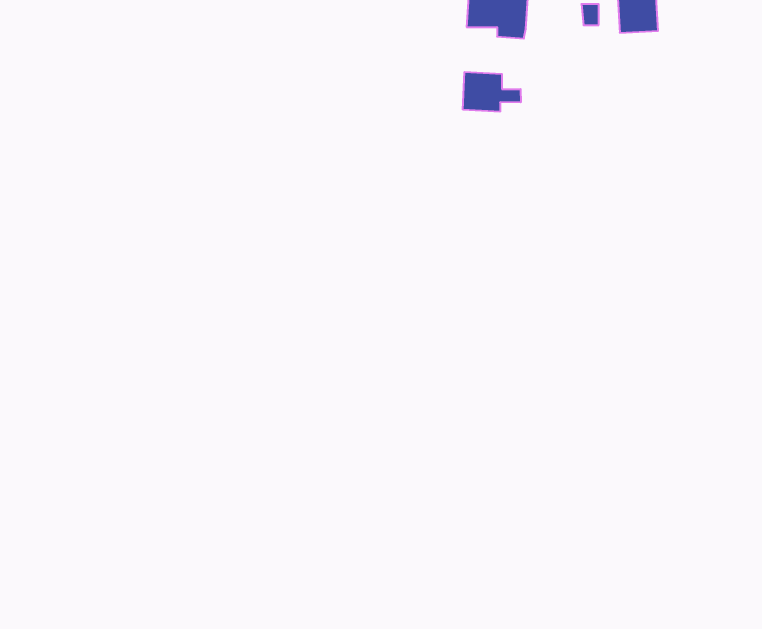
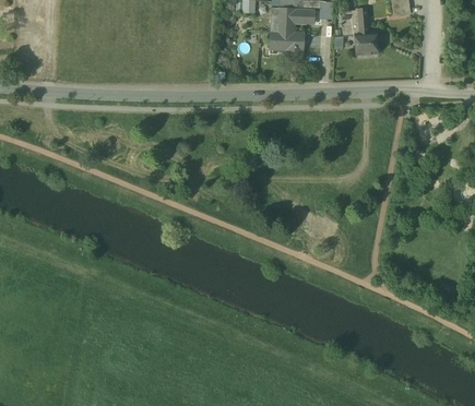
building: [463,72,521,112] -> none

